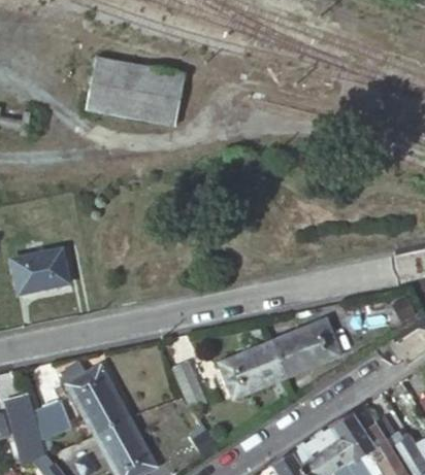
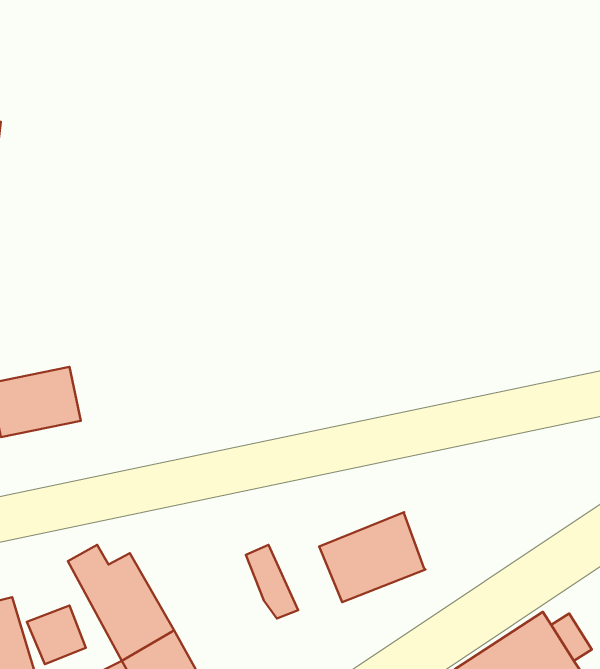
building: [88,57,181,123] -> none
building: [274,320,340,377] -> none

